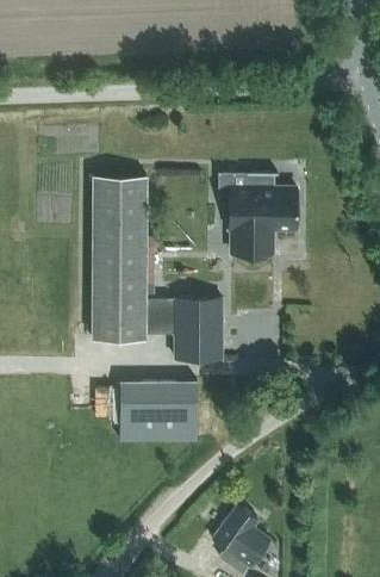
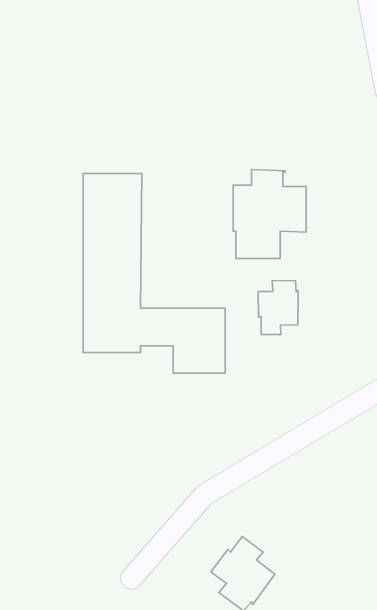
building: none -> [258,281,298,335]
building: [120,383,198,441] -> none

